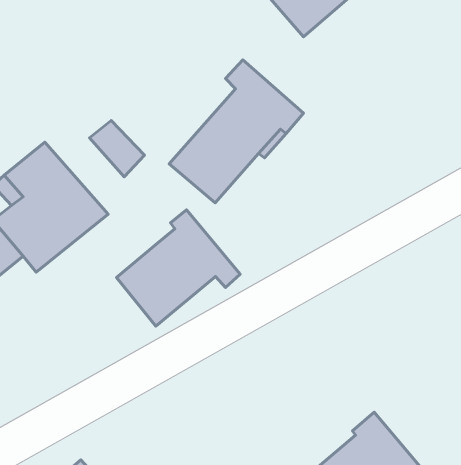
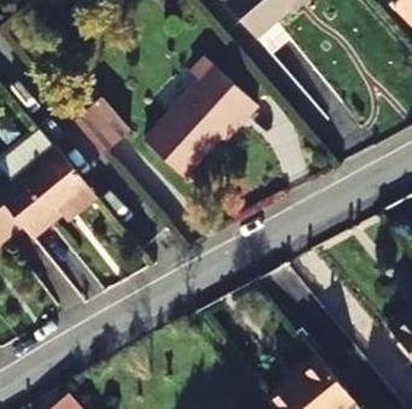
building: [117,210,240,326] -> none

